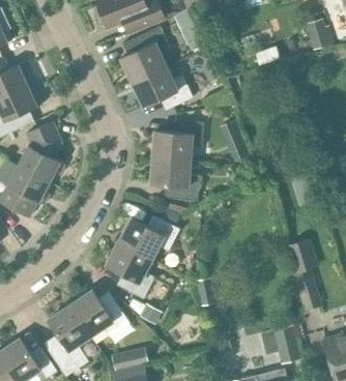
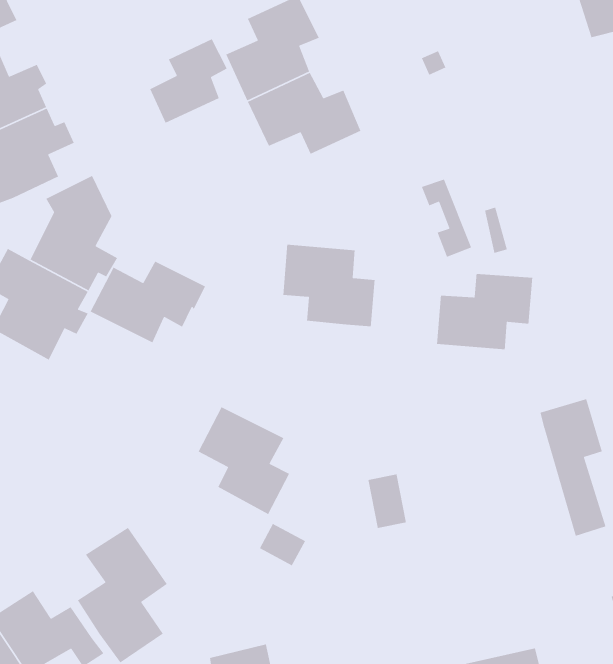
building: none -> [149,38,228,124]
building: [152,120,203,160] -> [436,273,533,350]
building: [118,215,179,259] -> [89,260,206,344]
building: [69,290,129,336] -> none
building: [271,324,300,363] -> none
building: [111,347,148,371] -> none

